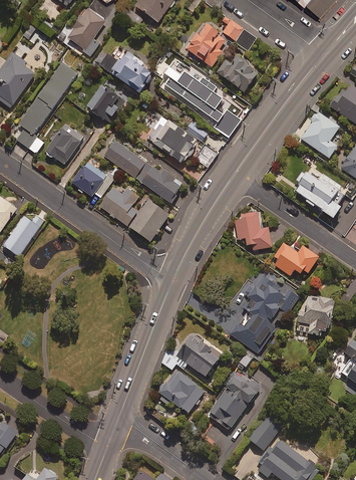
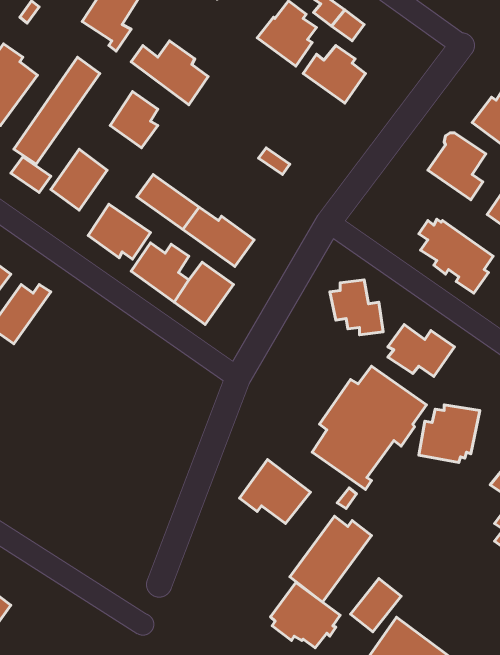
building: [165,71,241,138] -> none
building: [146,115,199,164] -> none
building: [157,370,205,414] -> [271,583,340,648]

